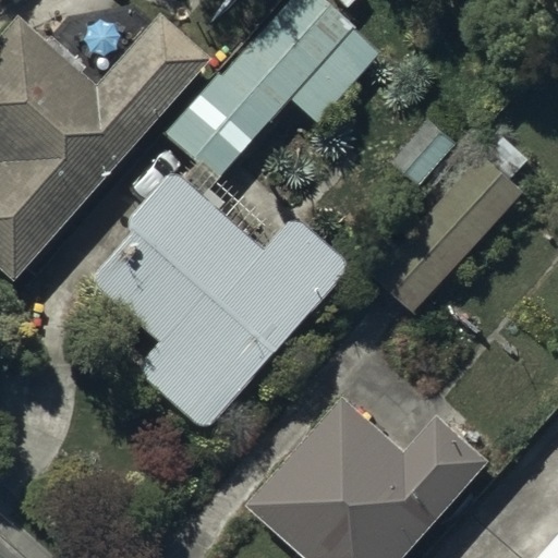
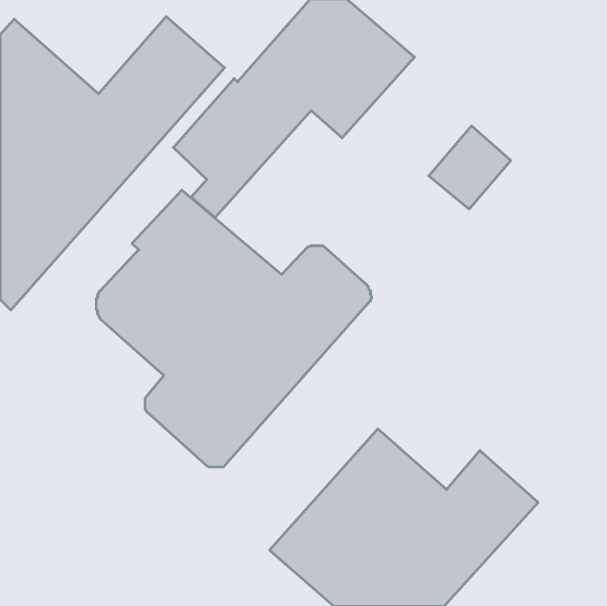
building: [373,135,530,313] -> none

